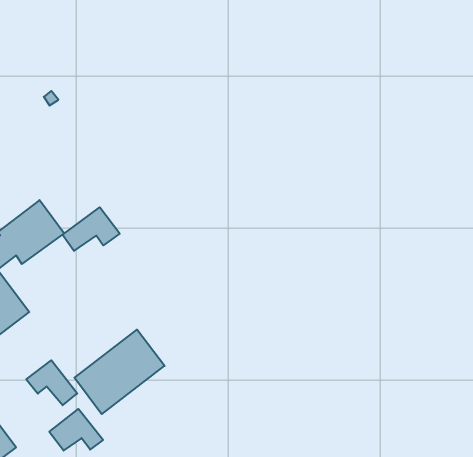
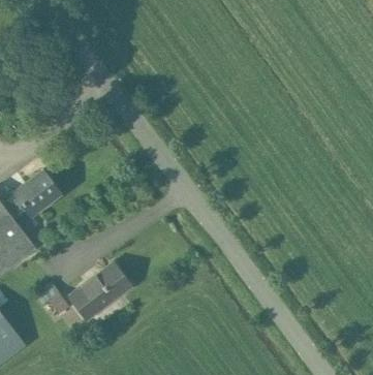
building: [62,207,120,251] -> none
building: [49,409,103,451] -> none

